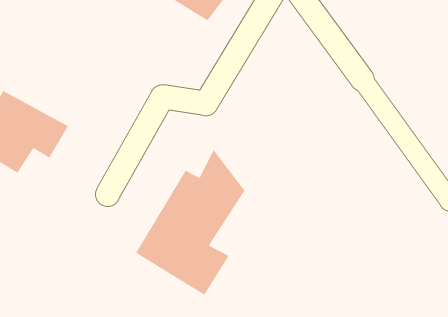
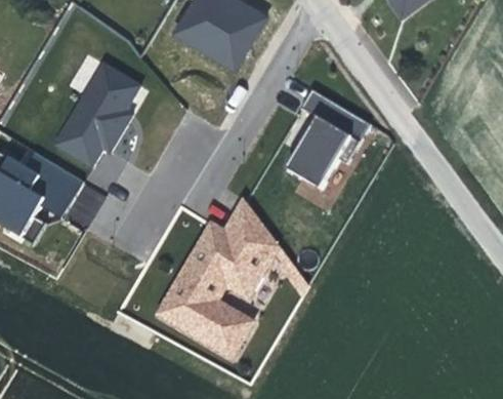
building: none -> [49,62,139,164]
building: none -> [295,112,364,179]

